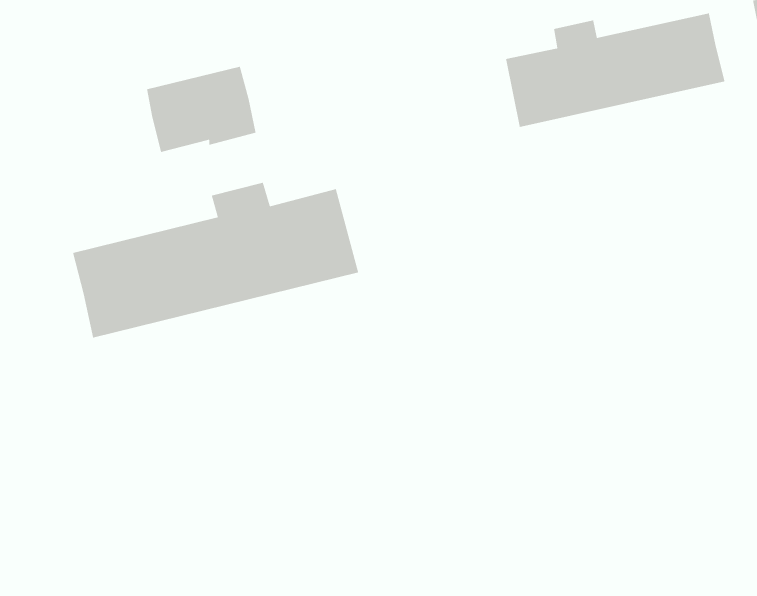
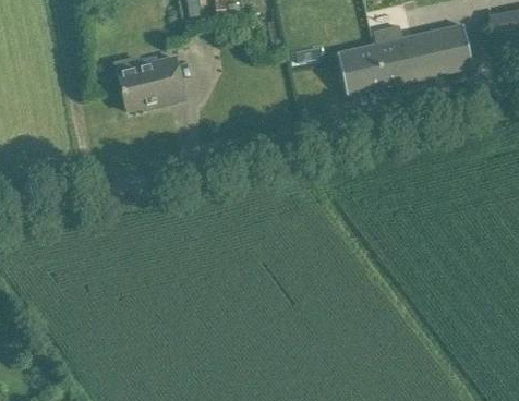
building: [72,182,359,338] -> none

